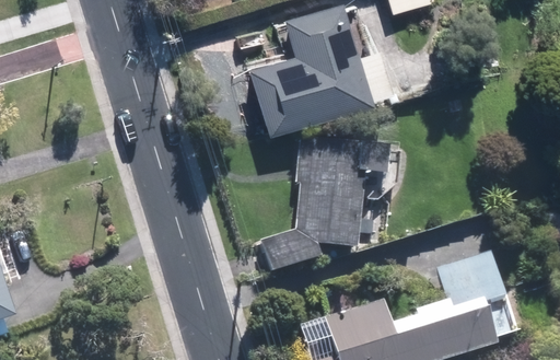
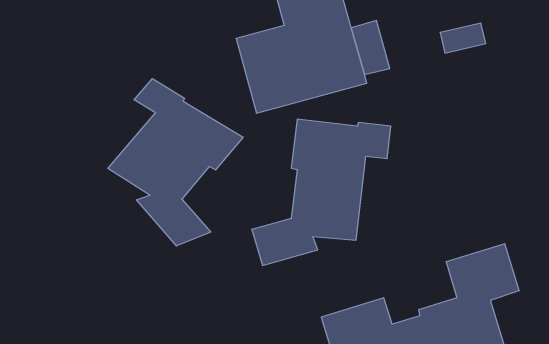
building: none -> [108,79,243,246]

